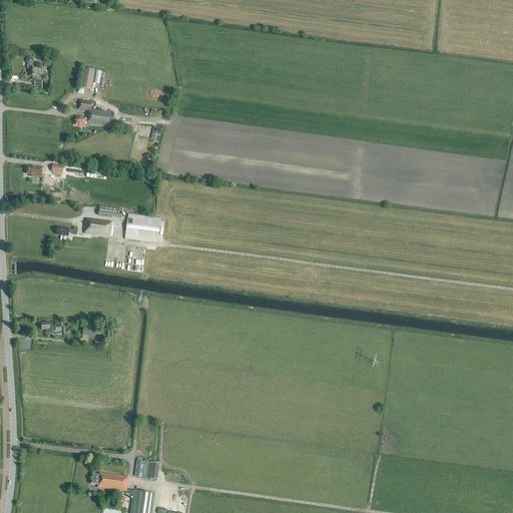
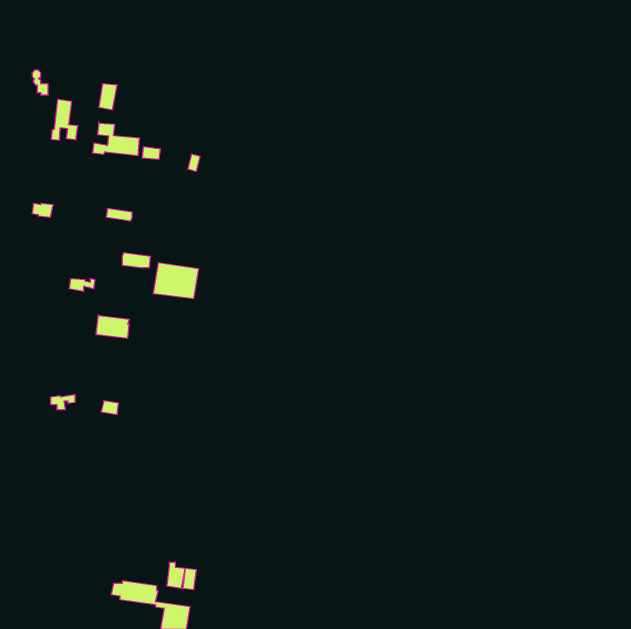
building: none -> [51,99,77,140]
building: [84,217,111,236] -> [96,315,129,338]

